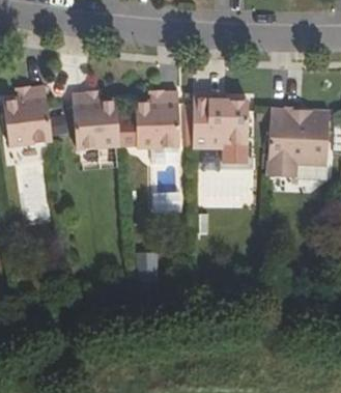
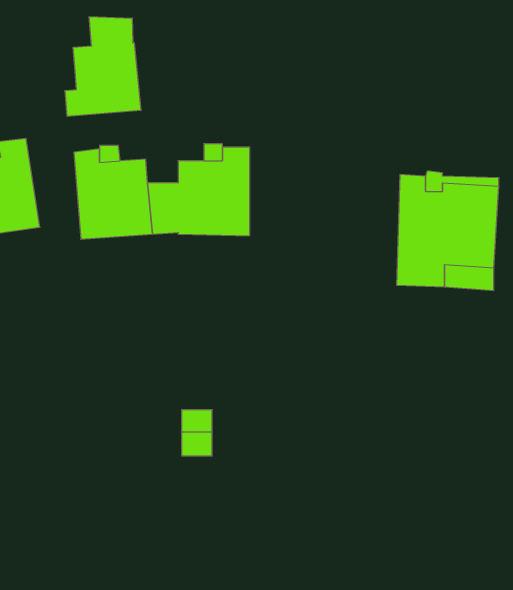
building: none -> [65,17,141,116]
building: [186,94,248,164] -> none

